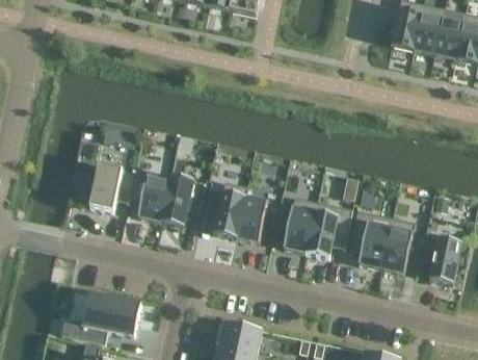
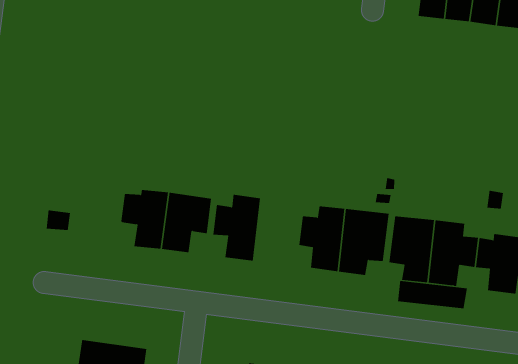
building: [89,164,133,212] -> none
building: [236,186,280,242] -> none
building: none -> [398,280,467,309]

